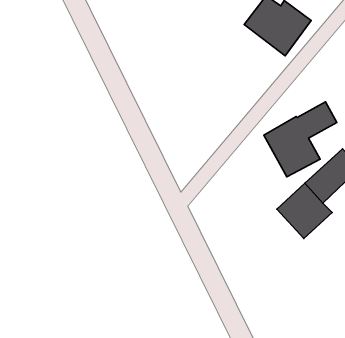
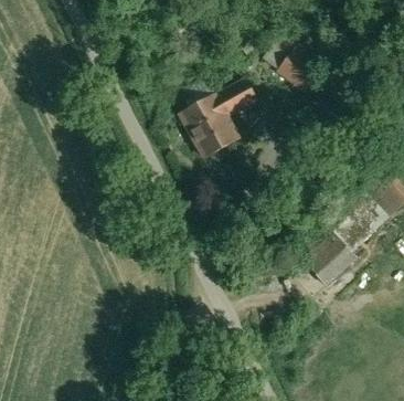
building: [264,102,337,177] -> [181,81,258,160]

